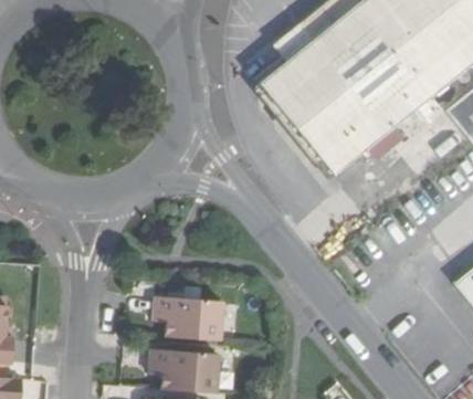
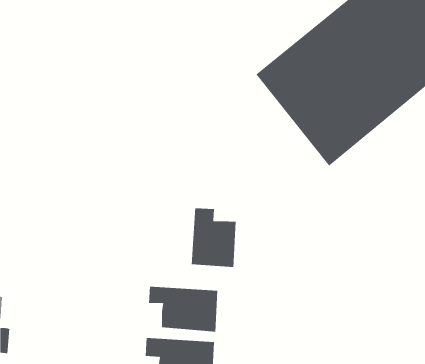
building: none -> [191,207,236,268]

